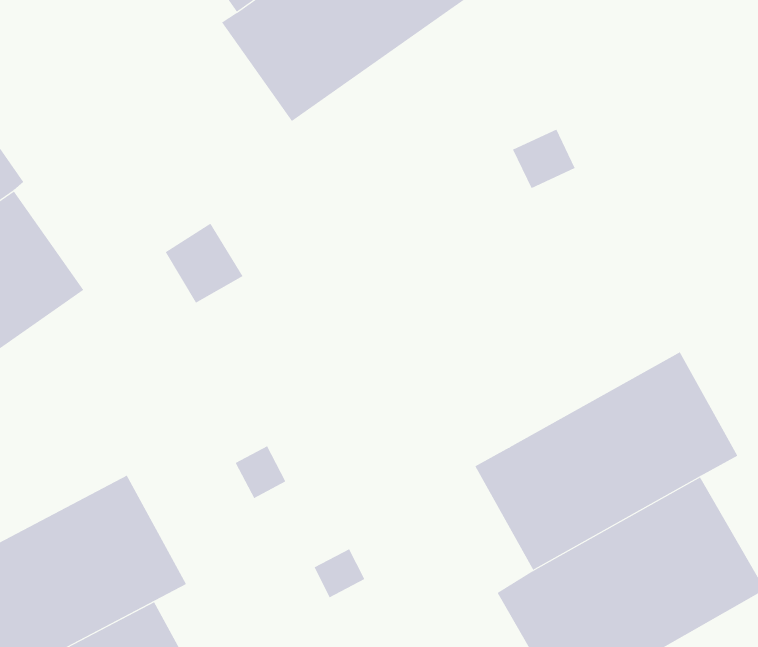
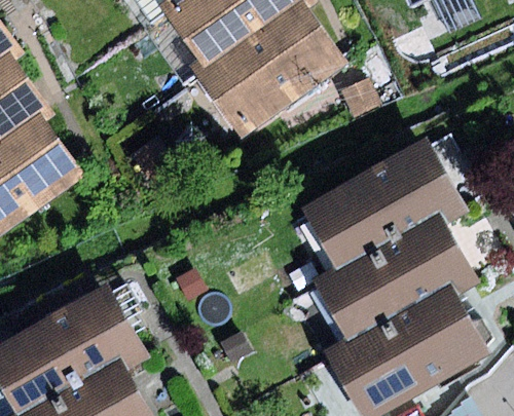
building: none -> [196,5,345,140]
building: none -> [302,140,460,269]

